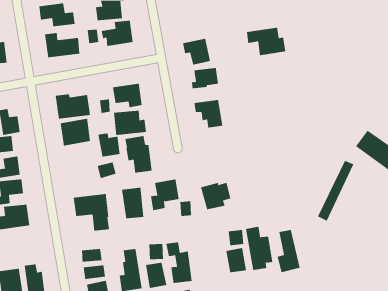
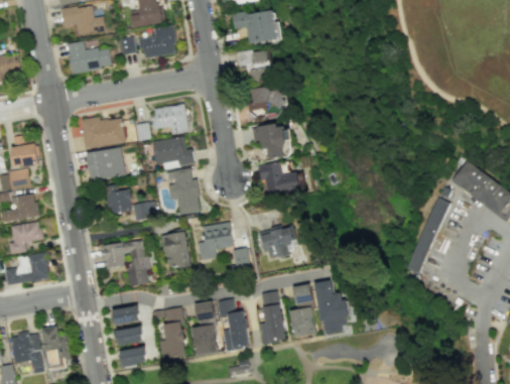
building: [246,27,286,56] -> [232,9,281,44]
building: none -> [258,162,301,196]
building: [98,133,121,157] -> [104,184,132,215]
building: [277,229,301,273] -> [258,291,287,345]

